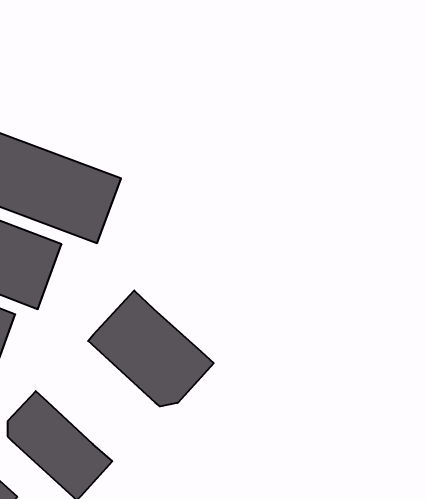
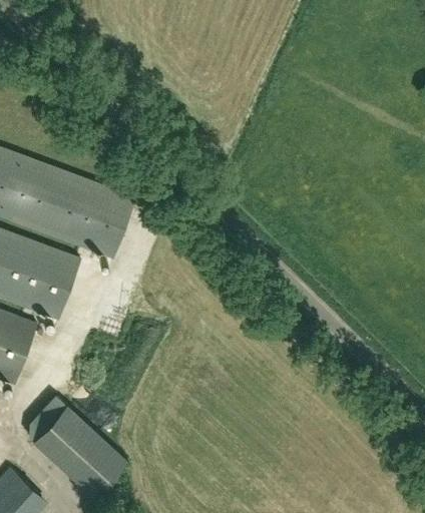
building: [88,290,214,406] -> none

